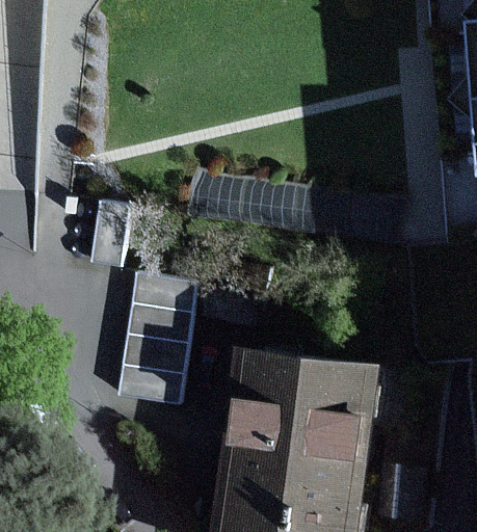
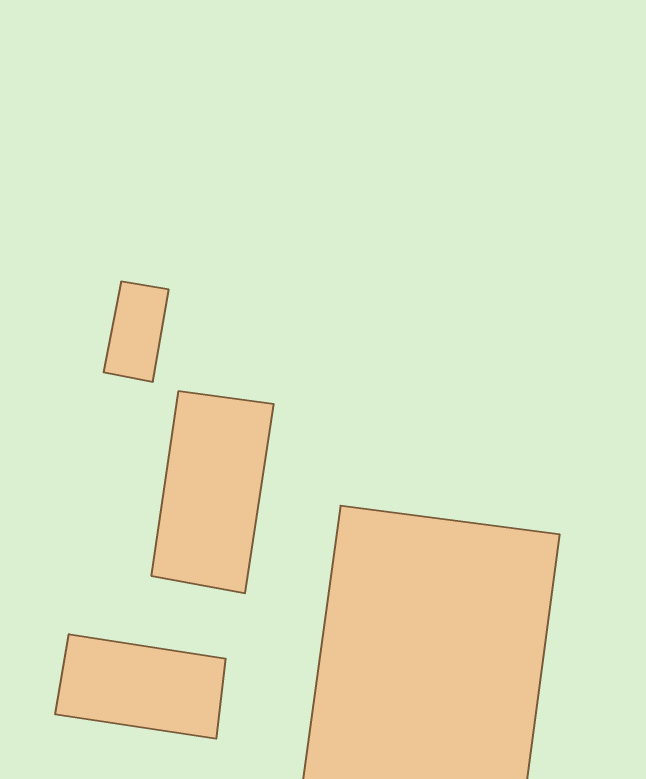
building: none -> [55,634,226,739]

